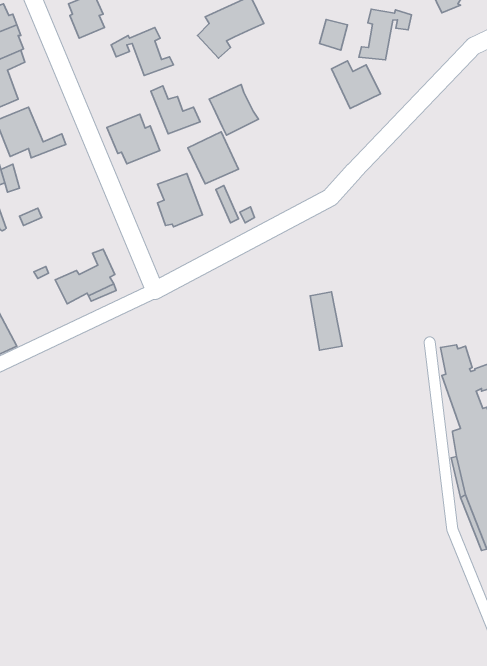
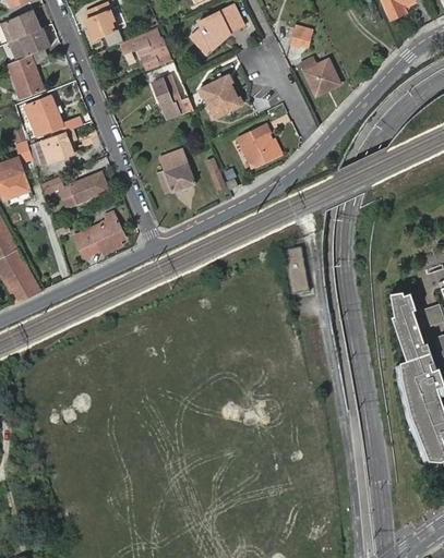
building: [359,9,411,60] -> none
building: [107,114,160,164] -> none
building: [188,132,238,184] -> [236,124,277,167]
building: none -> [40,130,77,163]
building: none -> [63,173,109,206]

